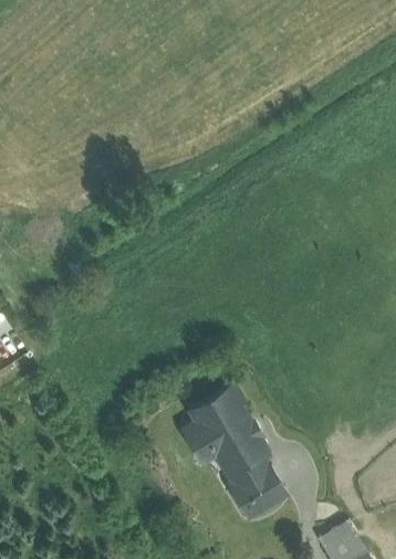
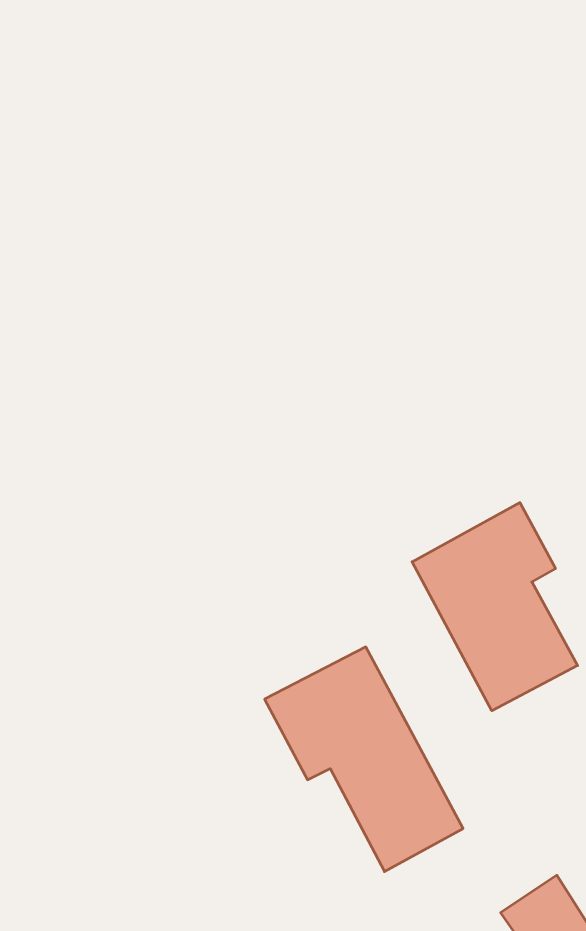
building: none -> [412,503,578,711]

